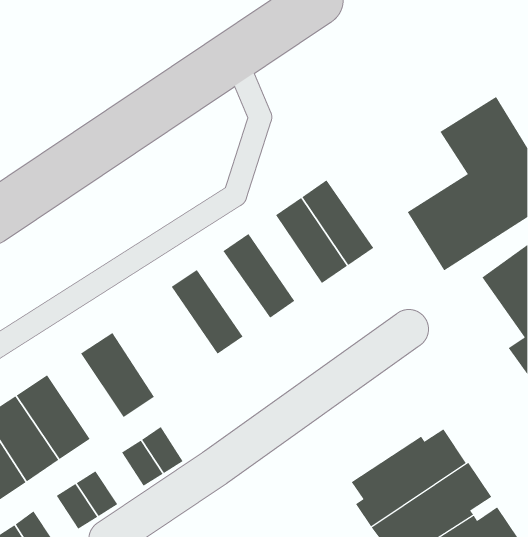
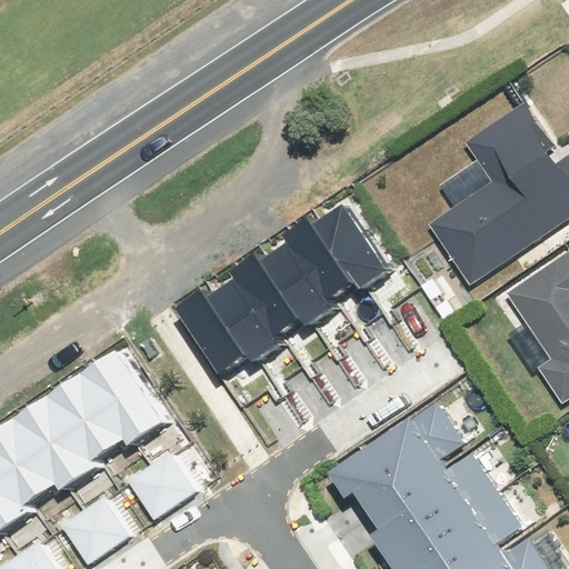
building: none -> [262,229,339,319]
building: none -> [208,267,284,357]
building: none -> [50,375,130,465]
building: none -> [333,402,460,510]

